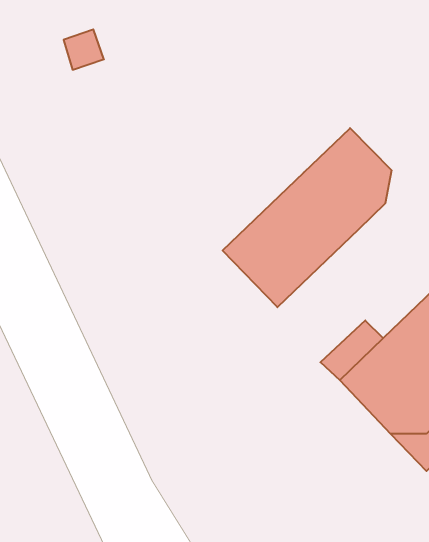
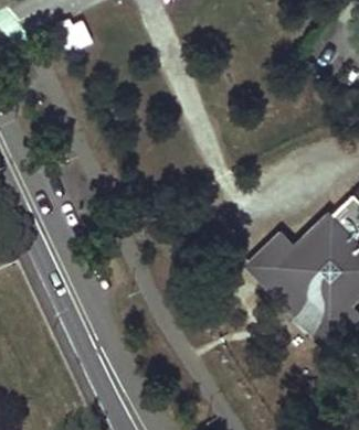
building: [223,128,391,307] -> none

